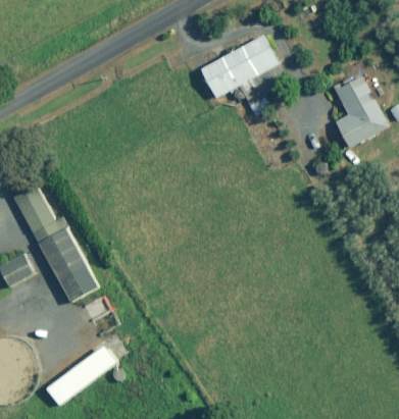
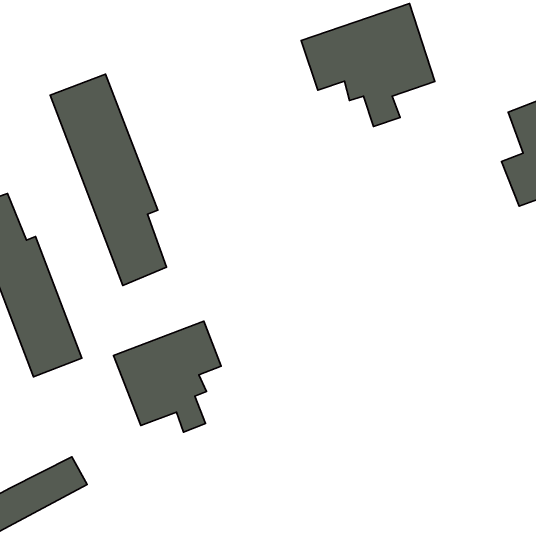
building: none -> [50,74,167,286]
building: none -> [113,321,221,432]

